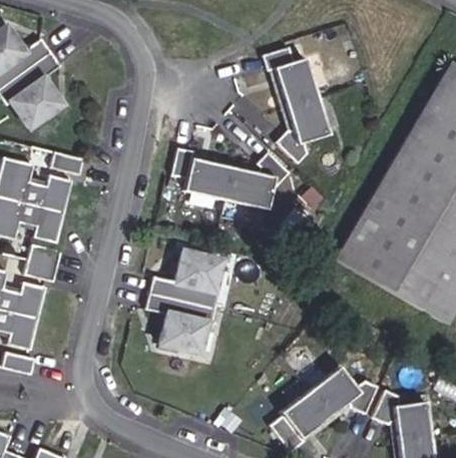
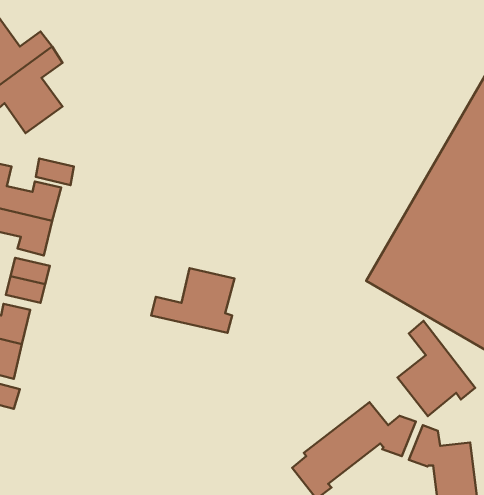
building: [261,46,336,161] -> none
building: [173,141,291,210] -> none
building: [144,292,214,352] -> none
building: none -> [398,321,475,416]

